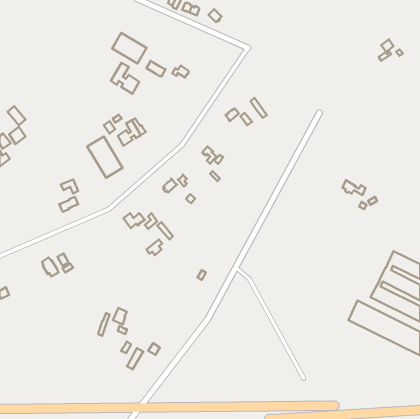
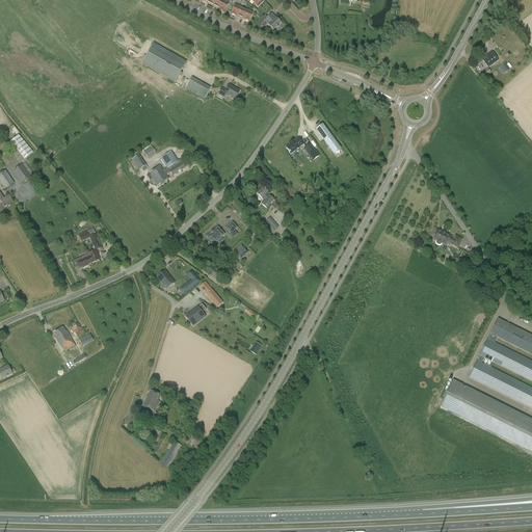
building: [111,63,139,94] -> none
building: [87,136,123,178] -> none

